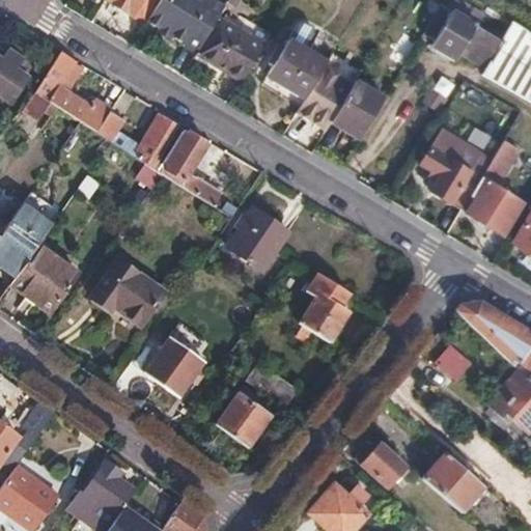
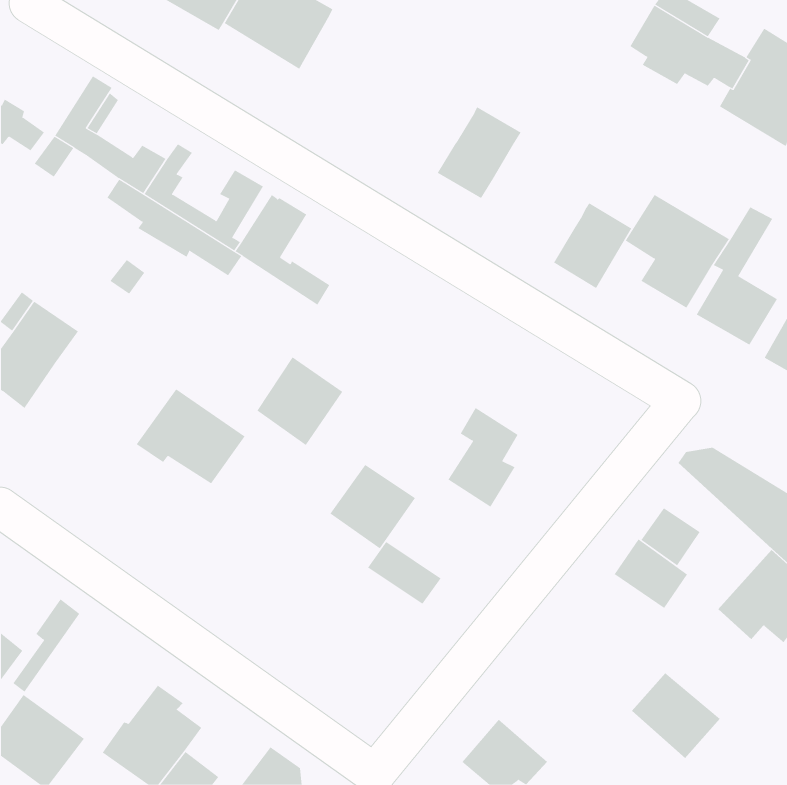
building: [202,10,269,74] -> none
building: [269,39,328,97] -> none
building: [333,80,386,138] -> [553,202,632,289]
building: [230,209,288,270] -> [257,357,343,446]
building: [11,245,76,310] -> none
building: [146,339,204,396] -> [329,464,416,549]
building: none -> [614,538,688,609]
building: [217,392,270,445] -> none
building: [364,445,407,485] -> none

